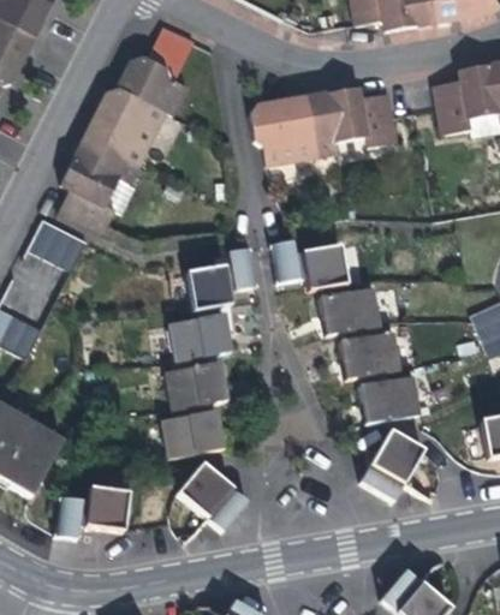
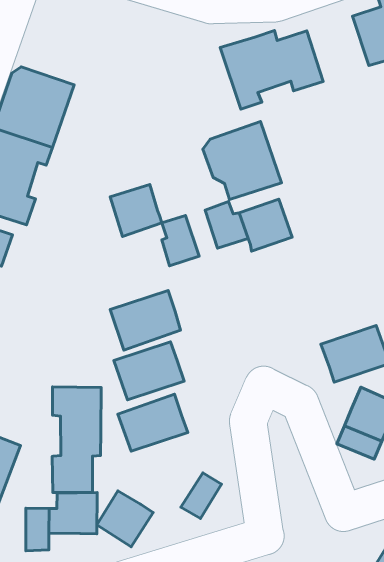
building: [118,43,186,113] -> none
building: [248,95,316,163] -> [203,121,281,200]
building: [186,265,231,310] -> [110,185,162,237]
building: [319,286,380,334] -> none
building: [338,330,398,377] -> none
building: none -> [52,387,101,493]
building: [177,462,231,517] -> [97,491,153,547]

